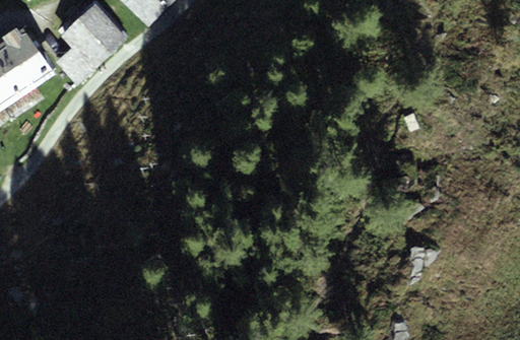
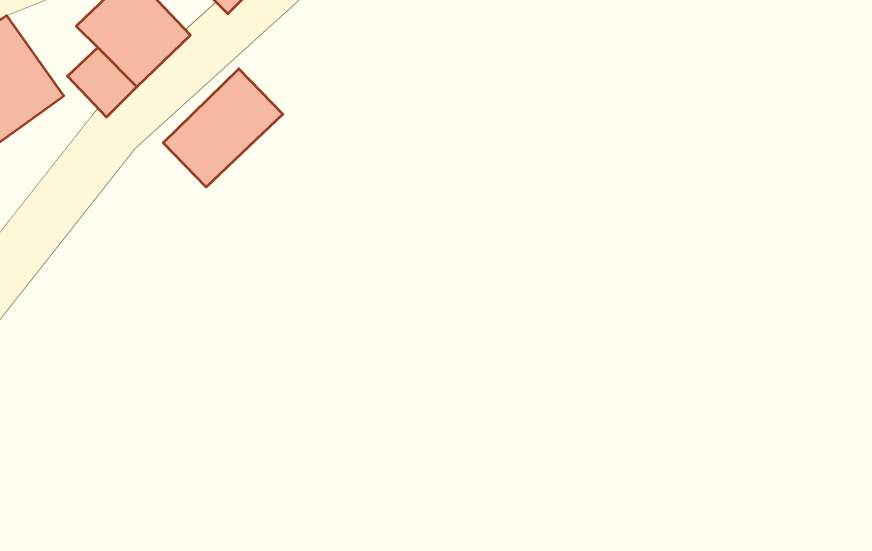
building: none -> [163,69,283,187]

